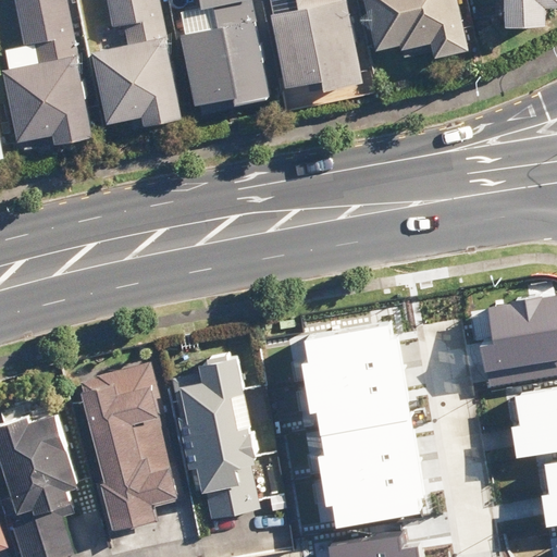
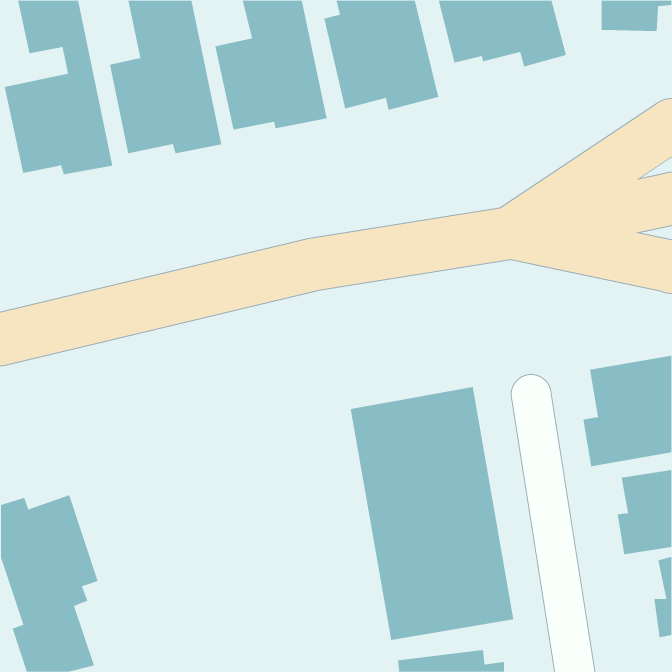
building: [172,351,260,515] -> none
building: [77,379,176,527] -> none

